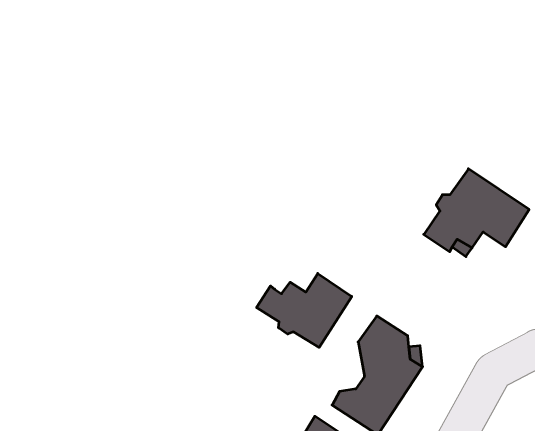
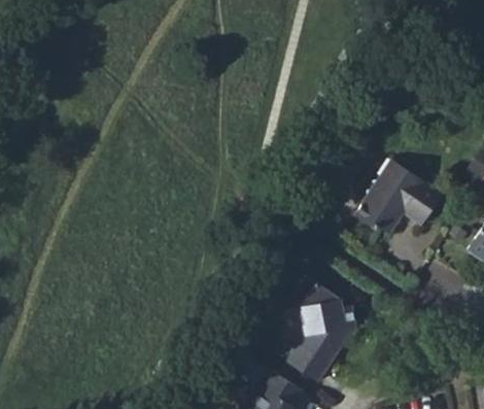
building: [257,273,352,347] -> none

